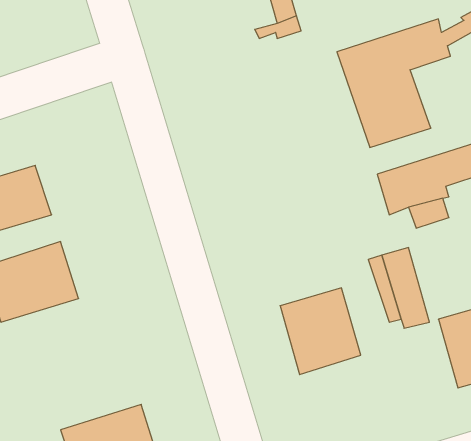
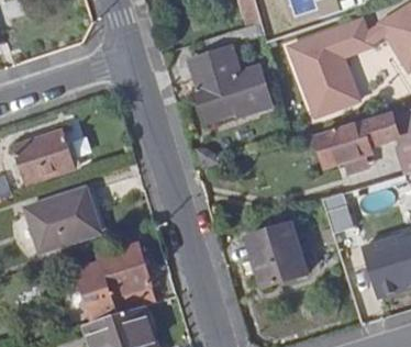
building: none -> [187,46,270,122]
building: none -> [80,245,154,320]

